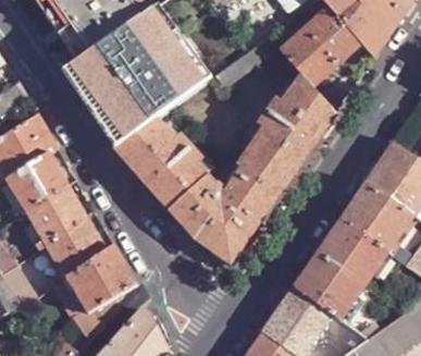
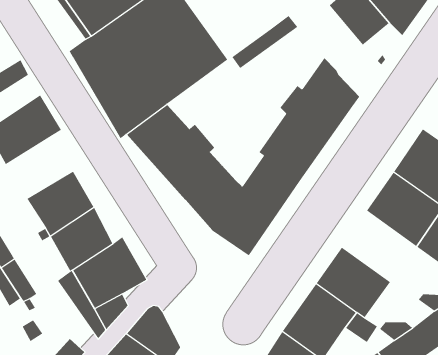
building: [280,27,337,87] -> none
building: [5,148,69,207] -> none
building: [318,218,387,284] -> none

